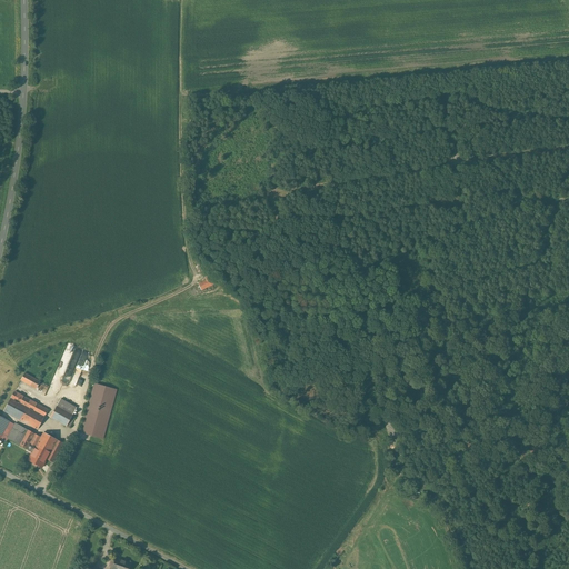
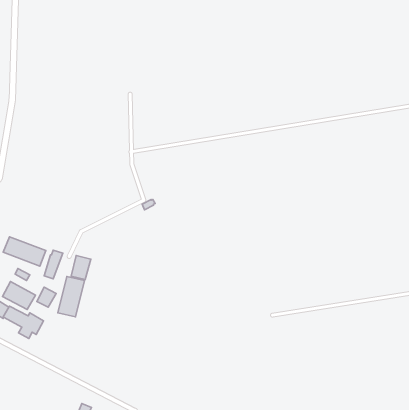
building: none -> [3,237,46,266]
building: none -> [71,255,91,280]

